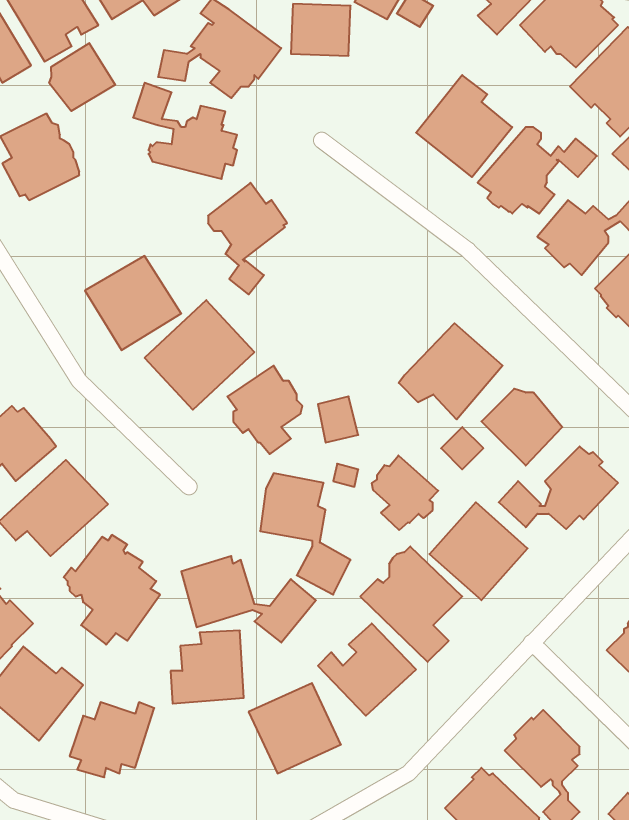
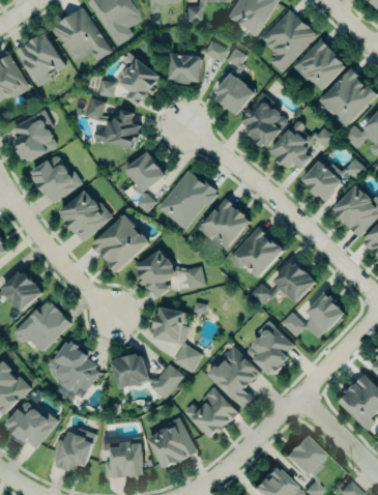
building: none -> [213,72,257,116]
building: [49,43,115,111] -> none
building: none -> [31,155,83,203]
building: none -> [159,170,217,229]
building: none -> [198,198,251,251]
building: [372,455,438,530] -> none
building: [171,631,244,704] -> [105,440,144,479]

